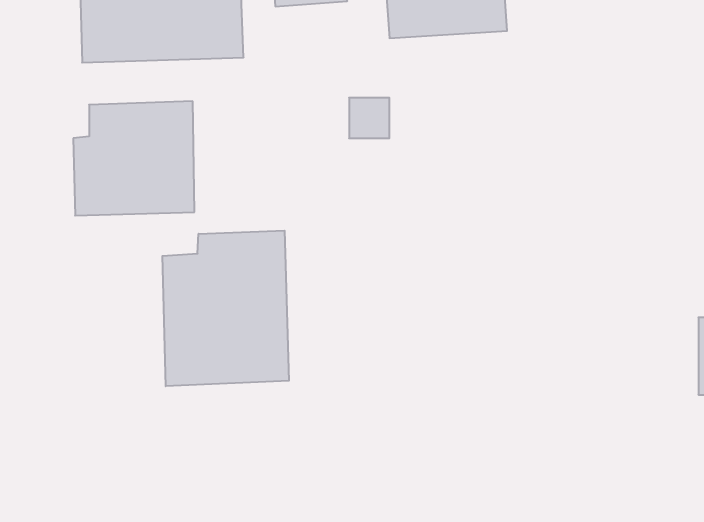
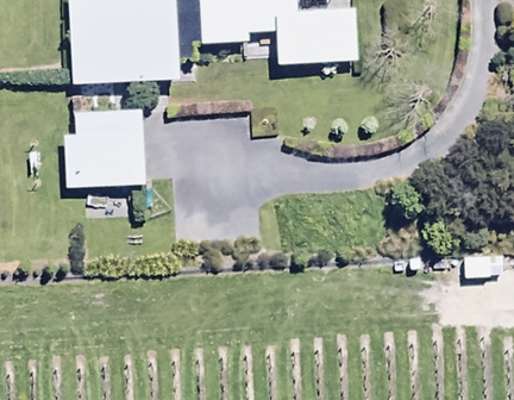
building: [162,231,289,386] -> none

